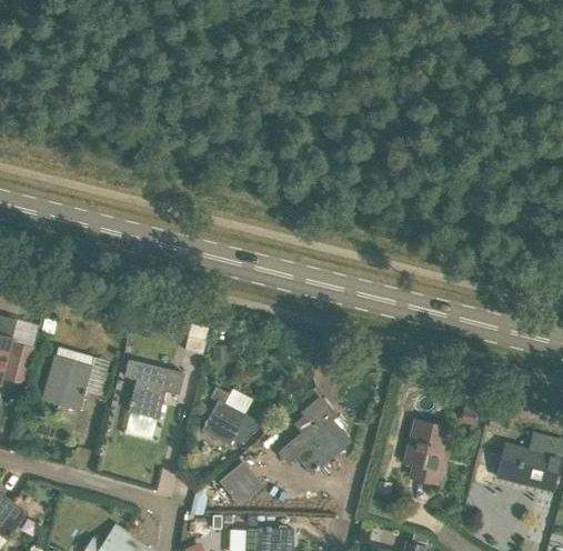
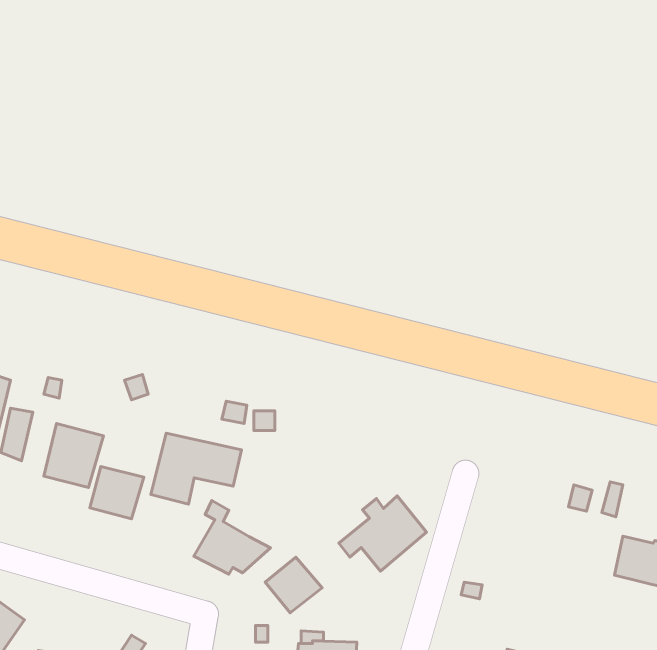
building: [202,385,263,444] -> [194,500,270,574]
building: none -> [90,467,144,519]
building: [404,417,444,485] -> none

